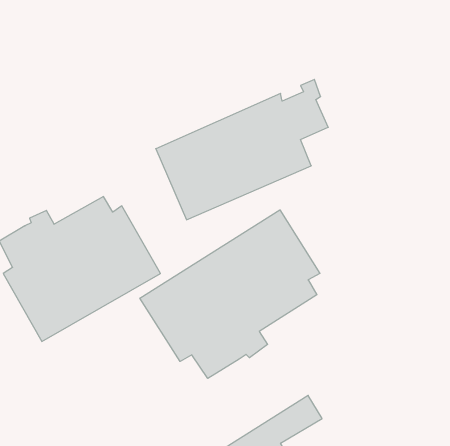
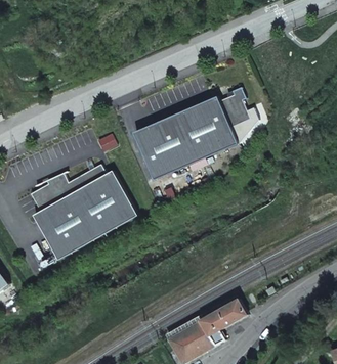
building: [140,210,320,378] -> none

